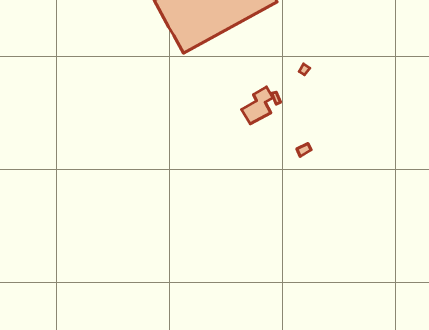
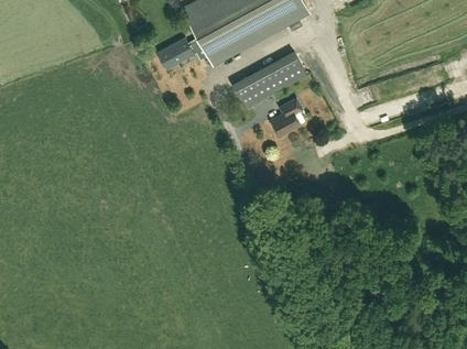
building: none -> [156,37,202,68]
building: none -> [232,53,306,108]

